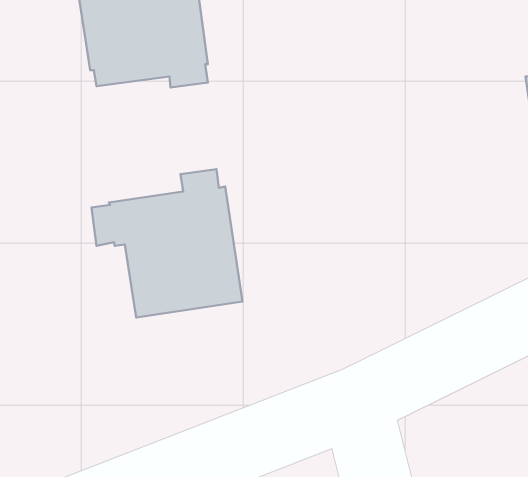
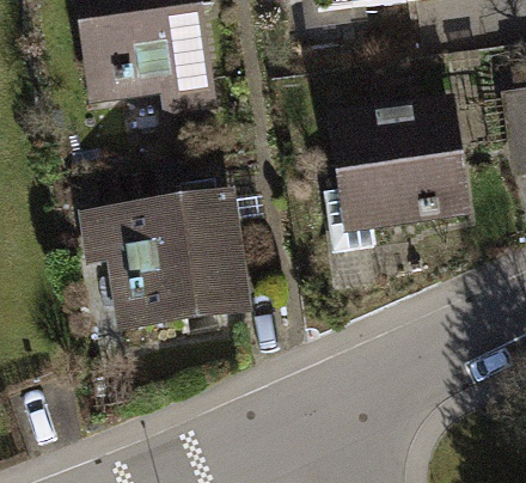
building: none -> [332,111,469,255]

